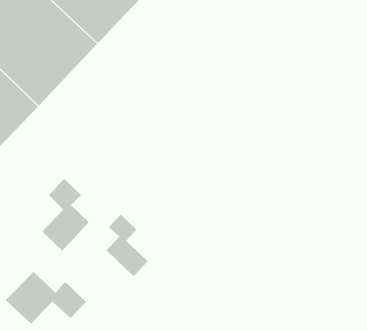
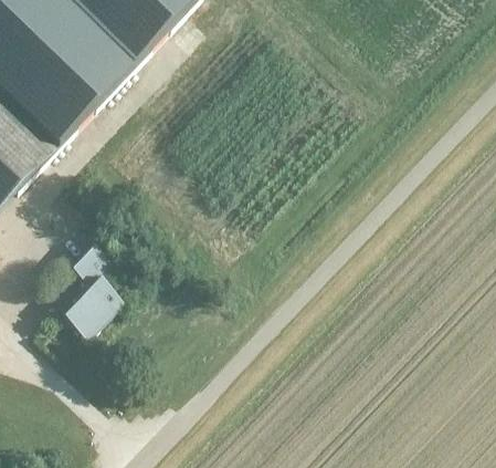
building: [106,214,148,277] -> none
building: [5,271,87,325] -> none

